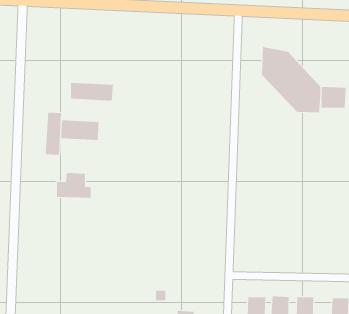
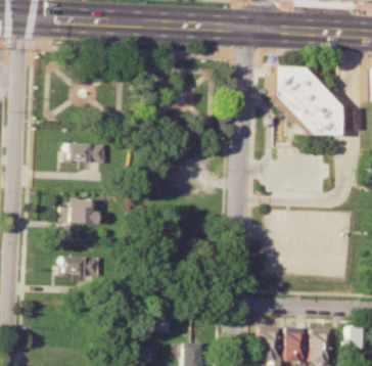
building: [70,82,114,101] -> none
building: [45,112,61,156] -> none
building: none -> [59,256,100,276]

